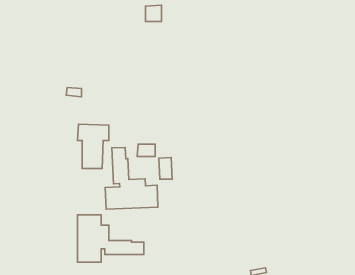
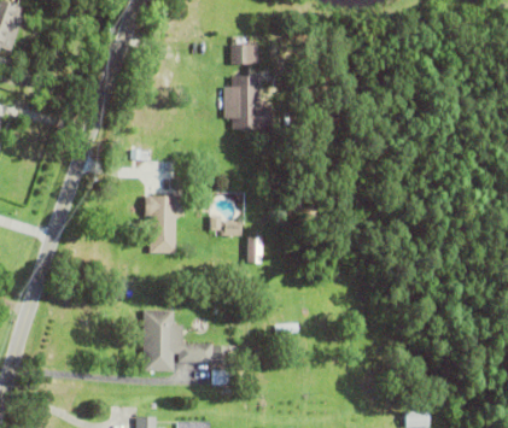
building: none -> [224,74,271,128]
building: [105,147,158,209] -> none

